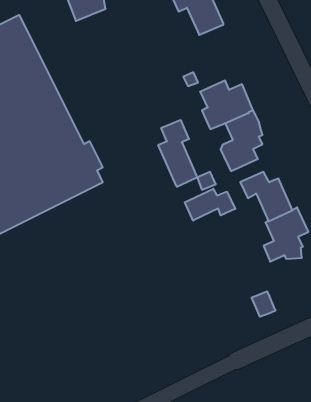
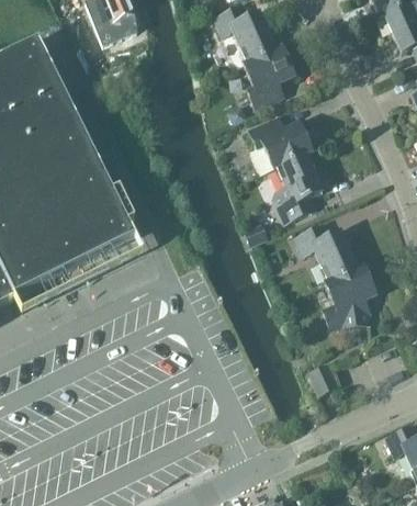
building: none -> [244,47,295,108]
building: [158,120,197,187] -> none
building: [185,189,235,221] -> none

